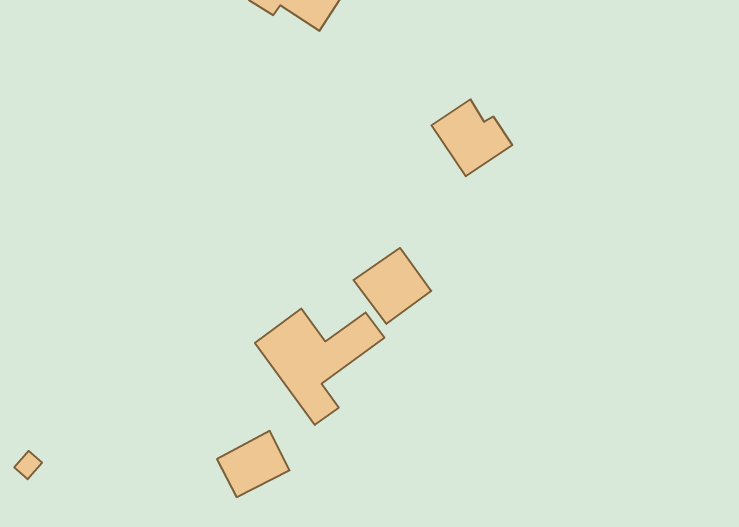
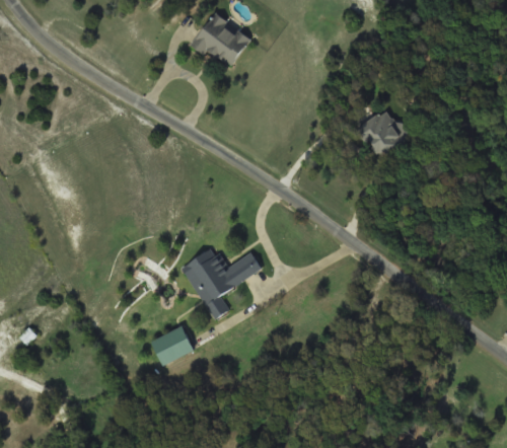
building: [431,99,512,176] -> [362,108,414,158]
building: [353,248,431,324] -> none

